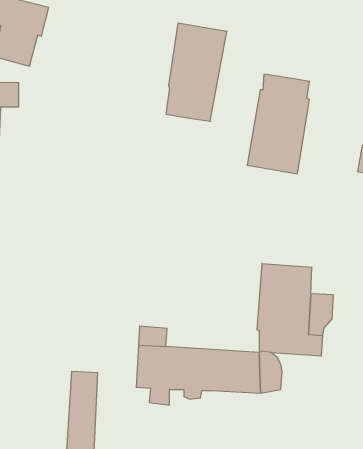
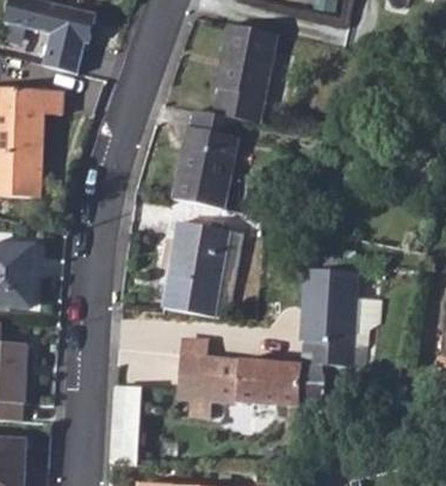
building: [247,74,309,174] -> [168,122,230,221]
building: none -> [163,233,236,327]

